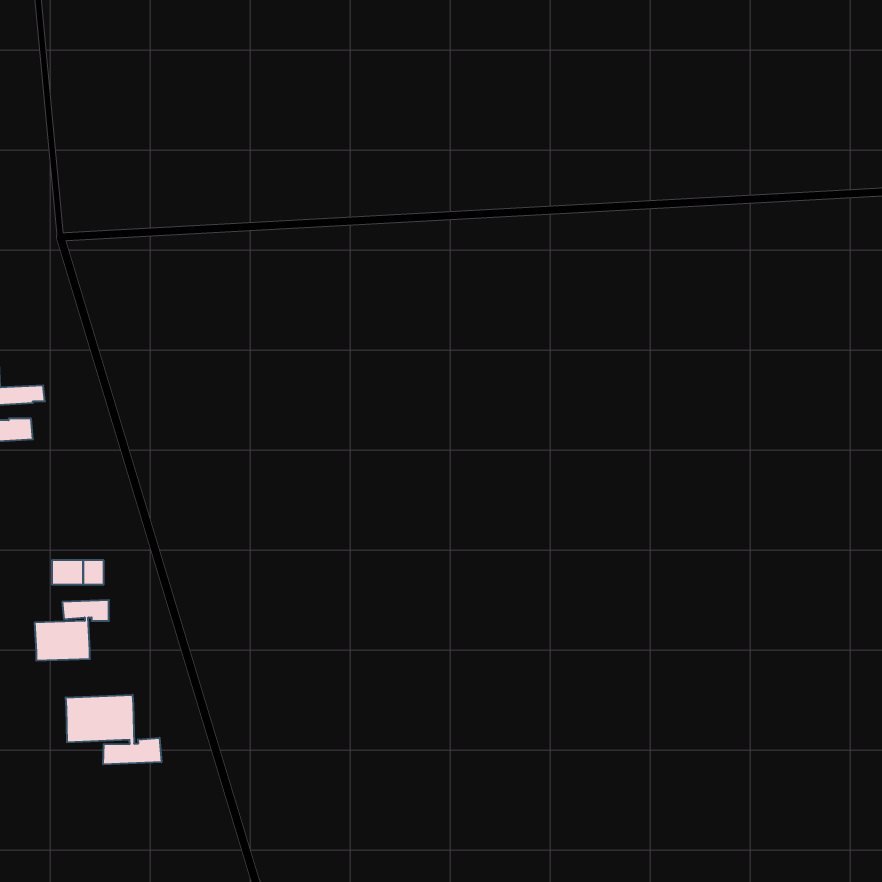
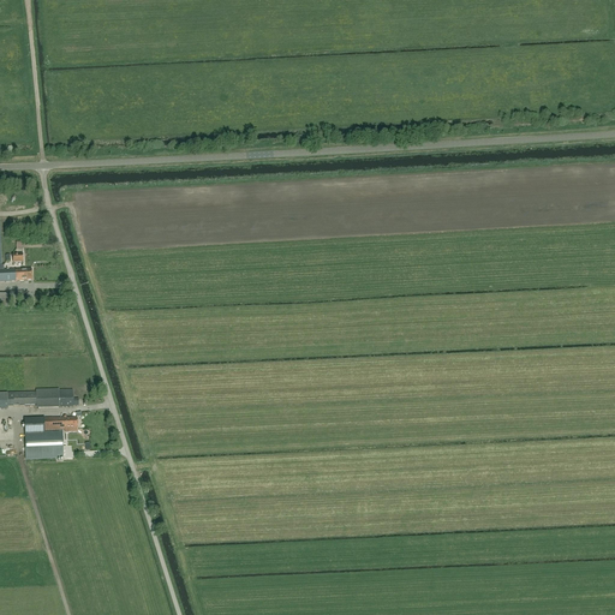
building: [66,695,161,764] -> none

